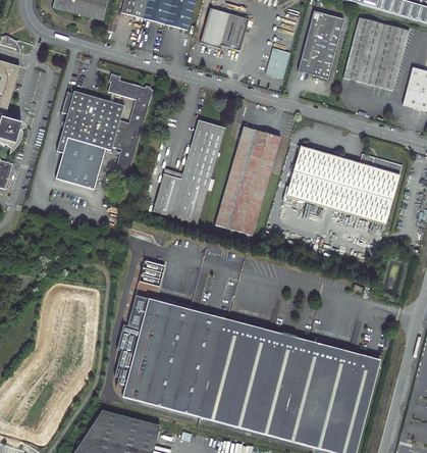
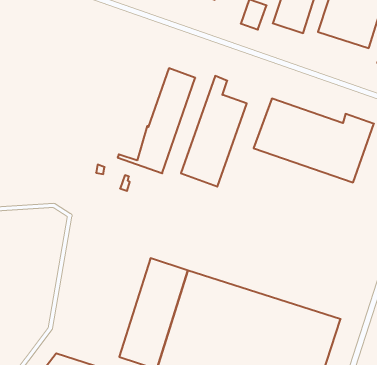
building: [56,71,154,188] -> none
building: [252,130,280,151] -> none
building: [153,174,179,213] -> none
building: [112,295,190,408] -> none

